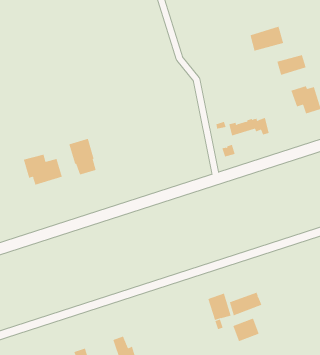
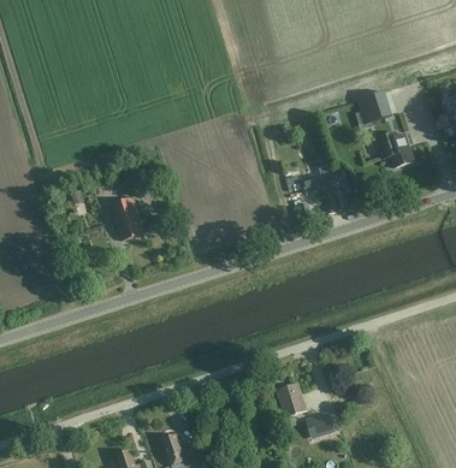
building: [250,26,284,51] -> none
building: [23,154,62,186] -> none
building: [229,292,262,316] -> none

